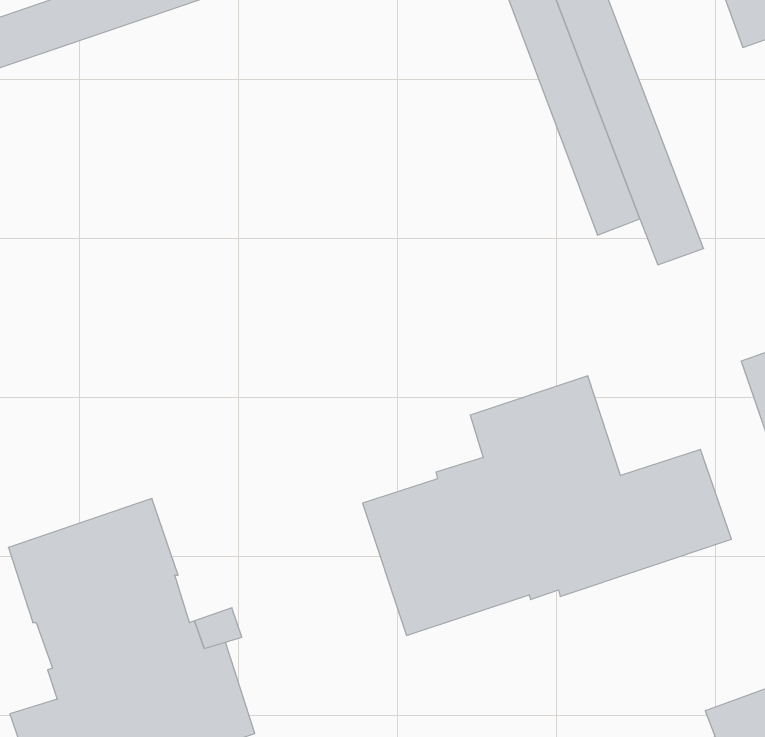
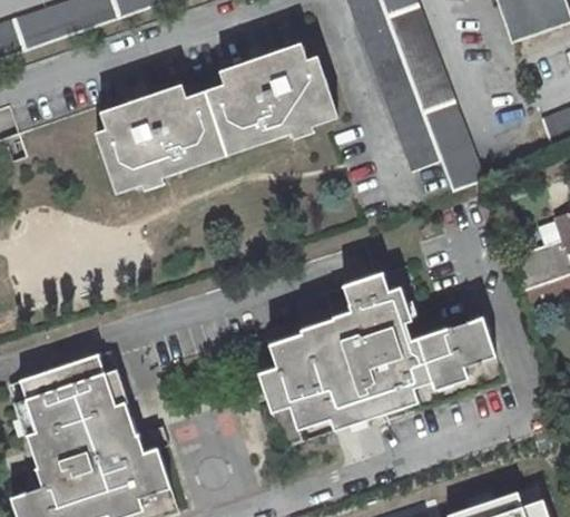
building: none -> [97,42,338,192]

